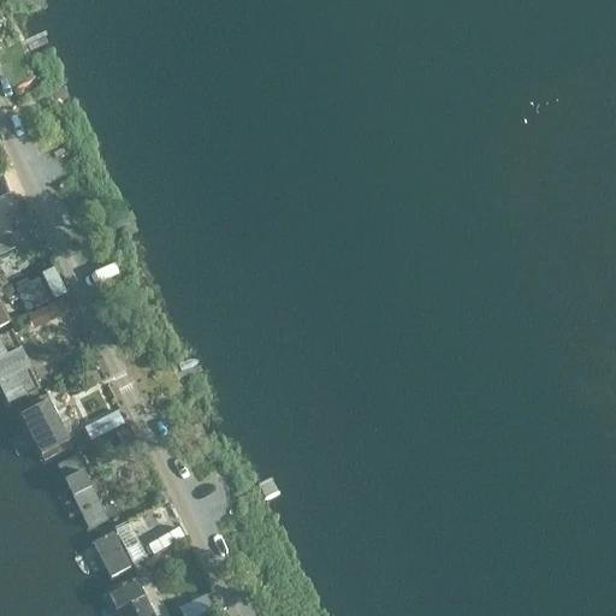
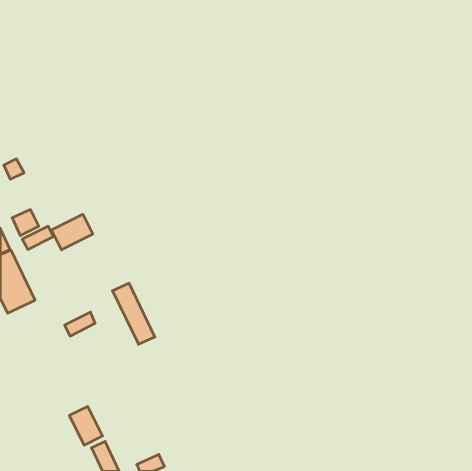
building: none -> [52,214,93,250]
building: [14,395,76,467] -> none
building: [55,456,111,535] -> [112,283,155,344]

